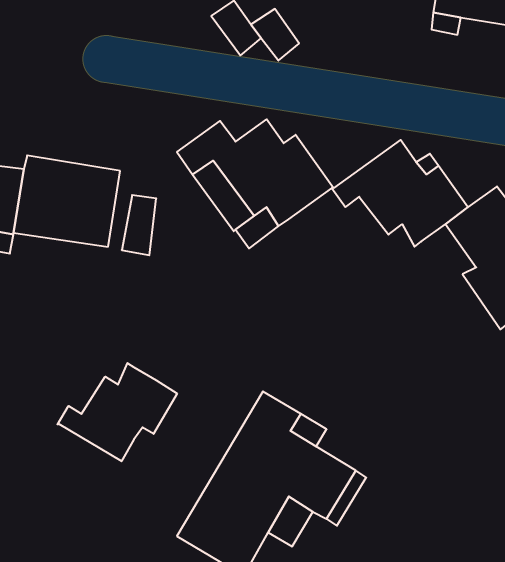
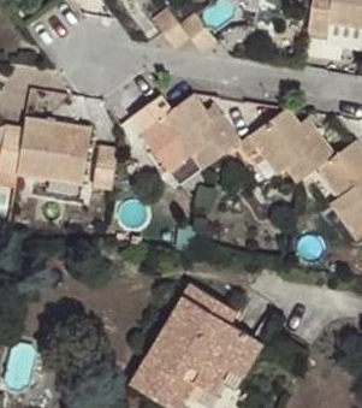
building: [57,363,177,461] -> none

